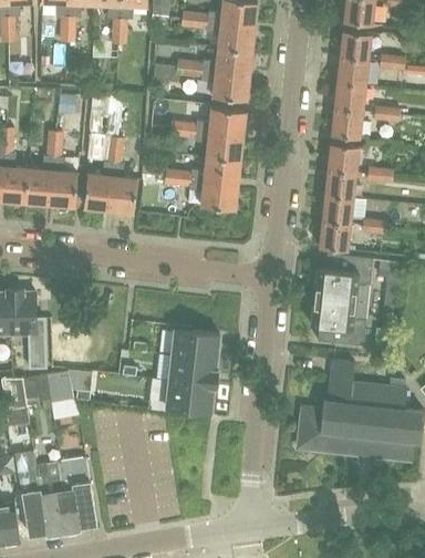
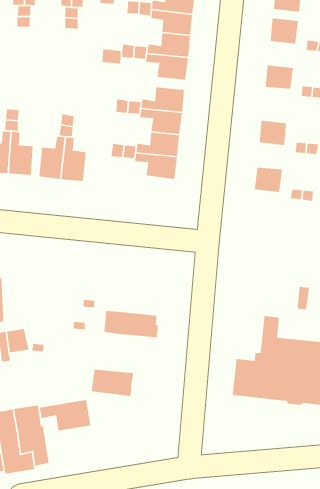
building: [336,56,369,85] -> none
building: [331,107,363,137] -> none
building: [325,168,356,197] -> none
building: [320,220,351,250] -> none
building: [311,252,373,345] -> none
building: [173,324,219,359] -> none
building: [166,380,216,411] -> [91,369,136,397]
building: none -> [39,399,91,432]

